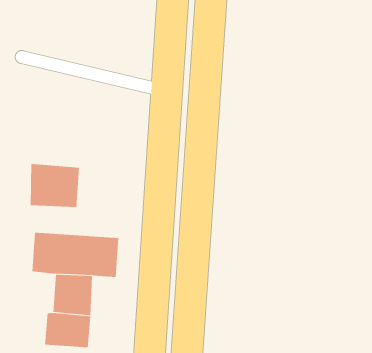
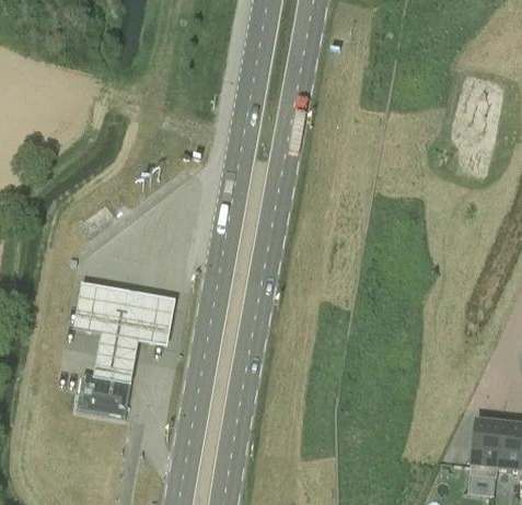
building: [30,163,80,208] -> none

